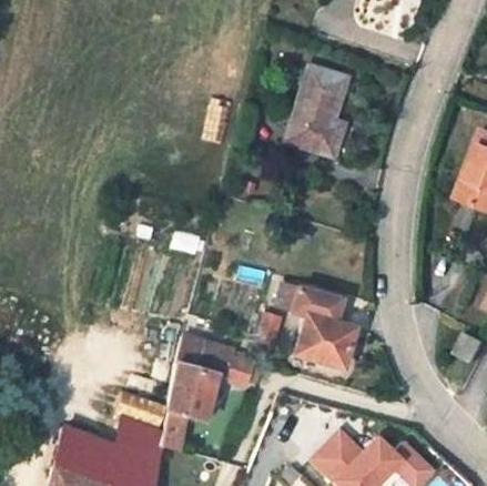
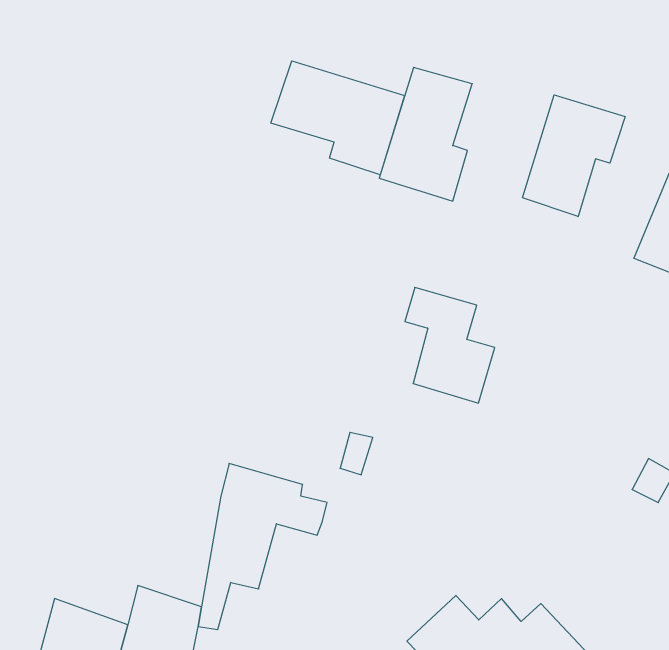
building: none -> [271,61,405,175]
building: none -> [522,95,625,217]
building: [292,288,353,367] -> [405,287,495,403]

